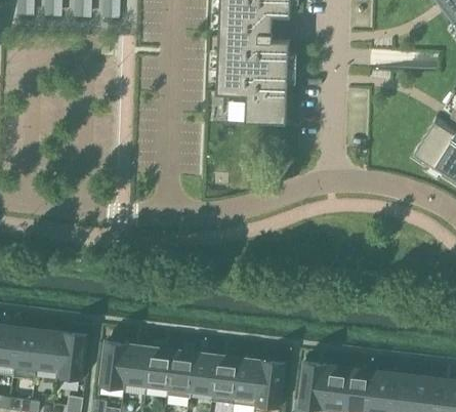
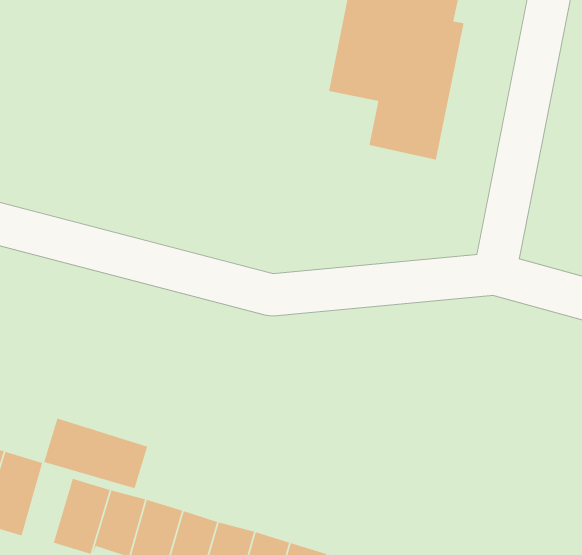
building: none -> [43,418,148,489]

